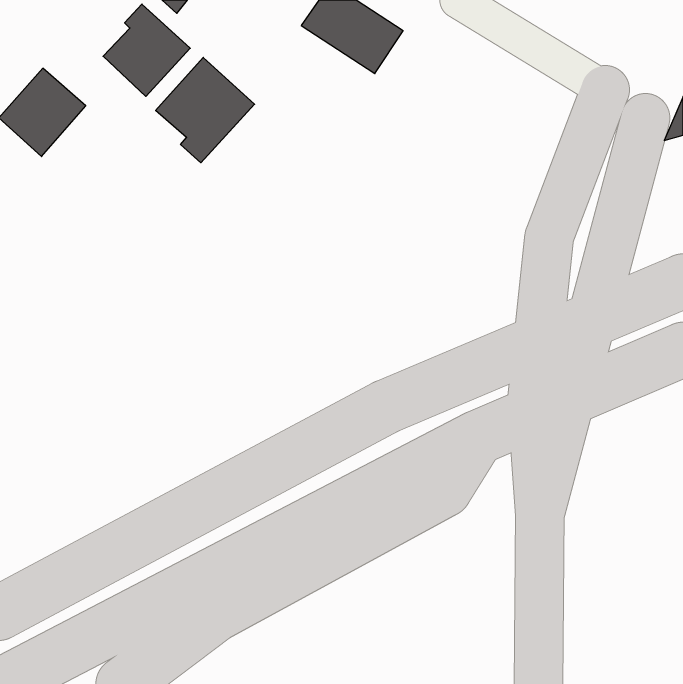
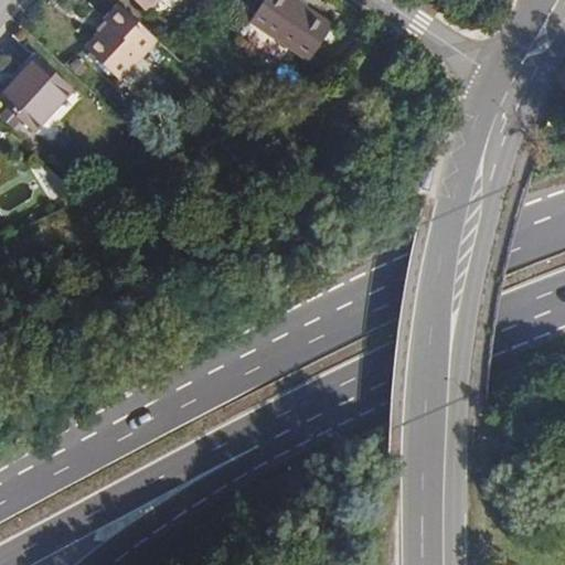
building: [156,57,255,163] -> none

